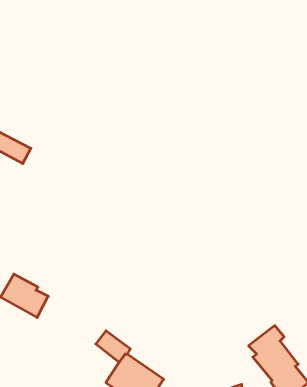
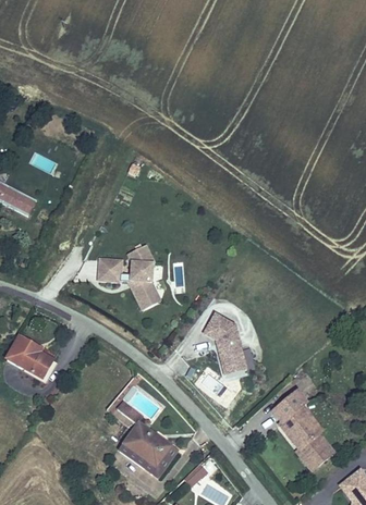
building: none -> [97,244,162,311]
building: none -> [202,312,249,381]

